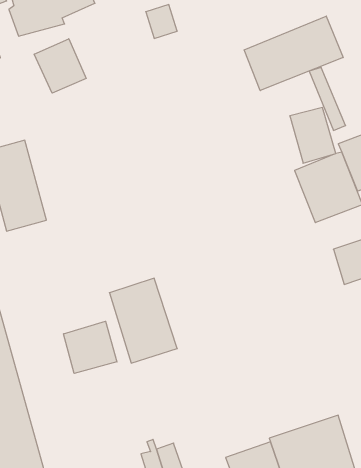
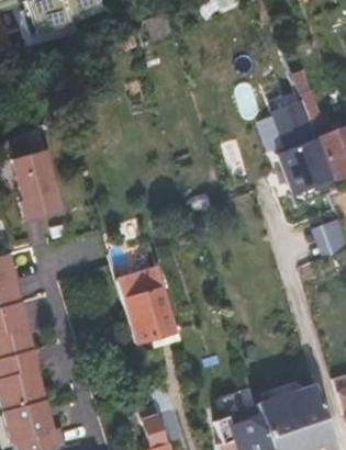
building: [244,16,343,91] -> none
building: [34,39,86,93] -> none
building: [64,321,117,373] -> none

